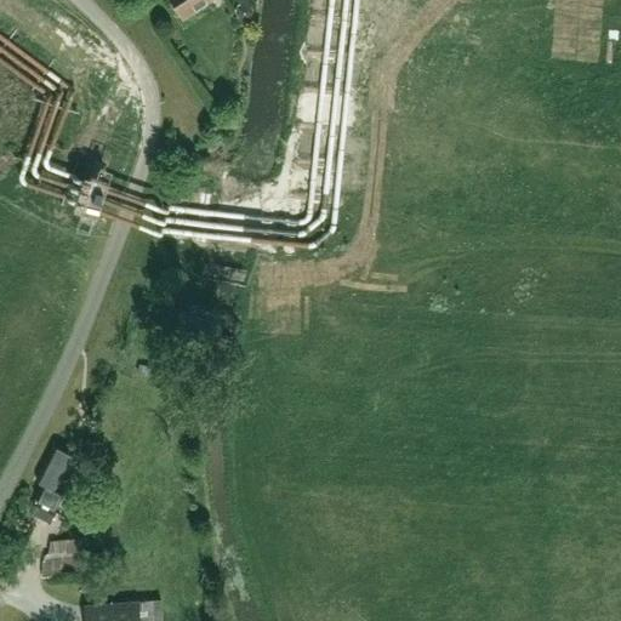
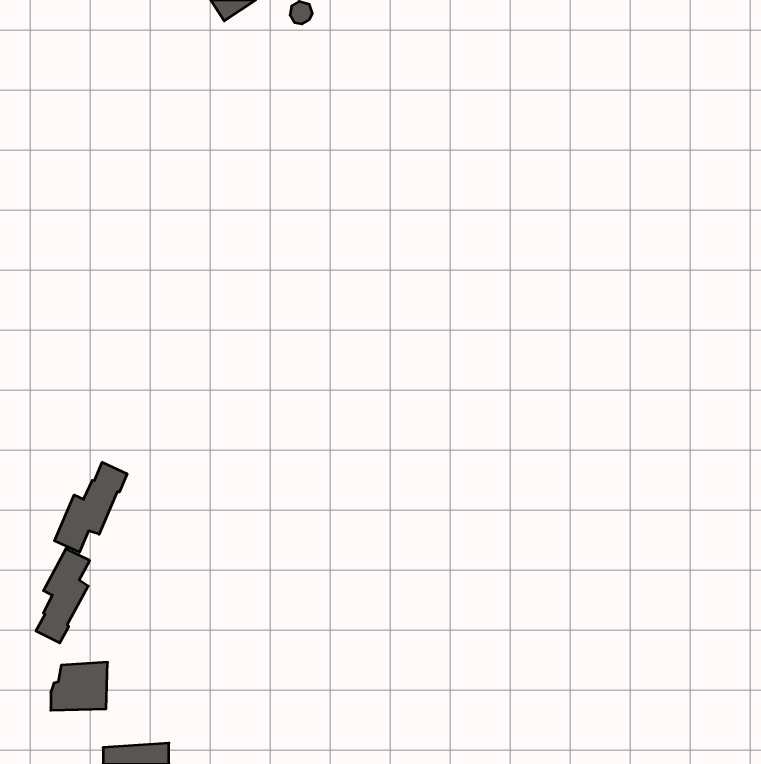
building: none -> [54,462,127,552]

